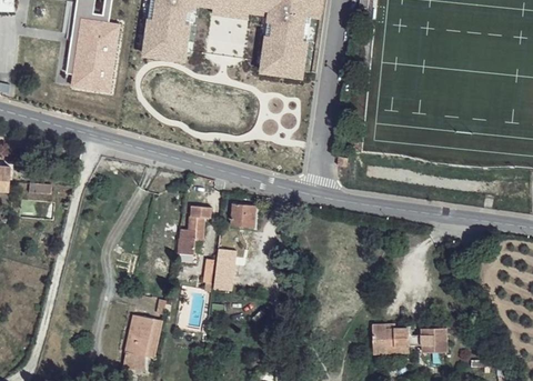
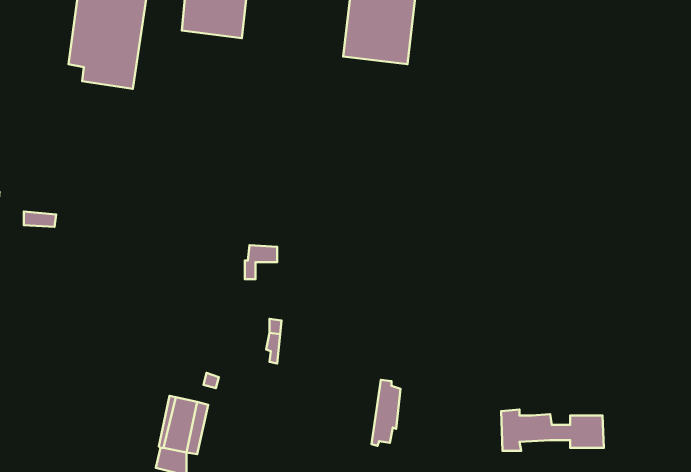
building: [231,204,257,227] -> none
building: [178,218,205,254] -> none
building: [213,243,234,291] -> [371,380,401,446]

